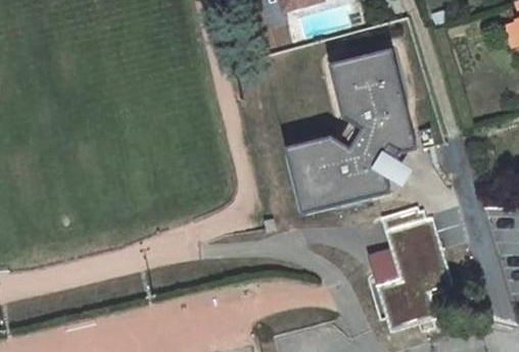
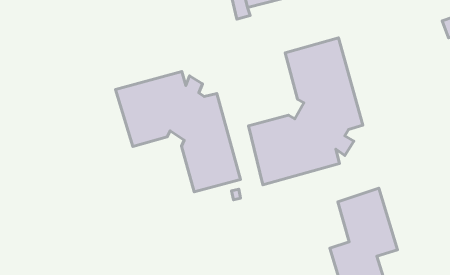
building: none -> [116,72,240,192]

